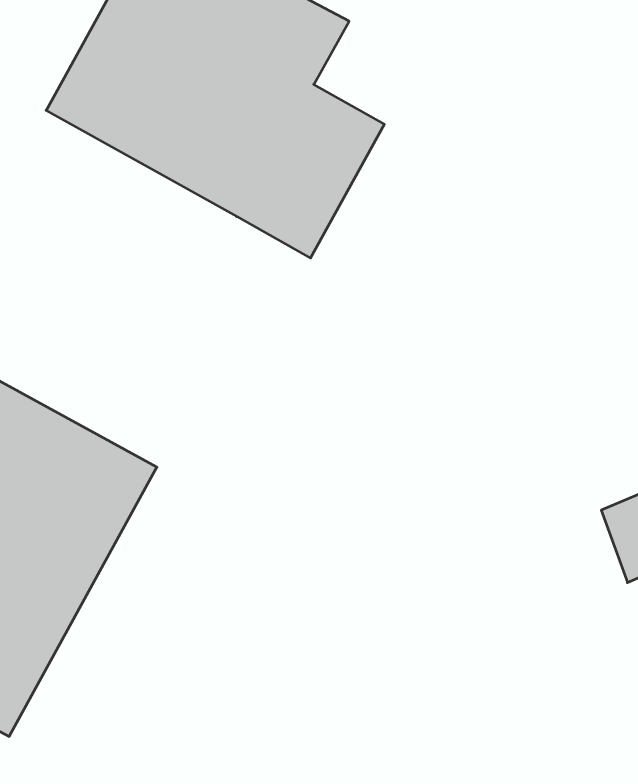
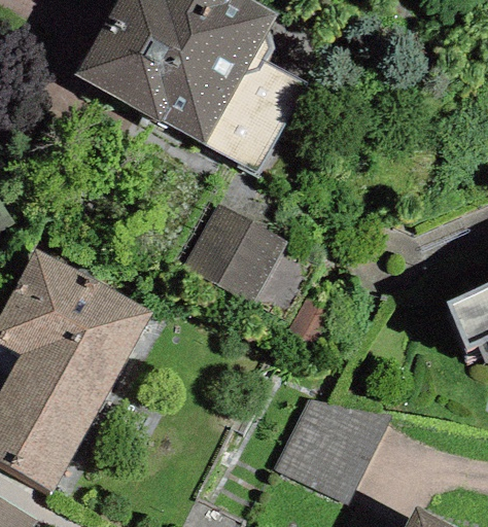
building: none -> [184,205,284,304]
building: none -> [282,390,389,499]

